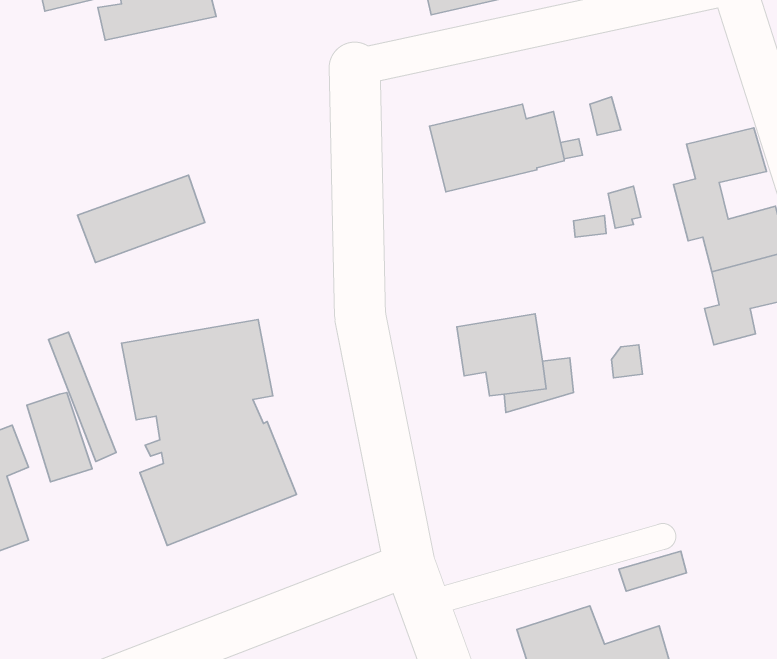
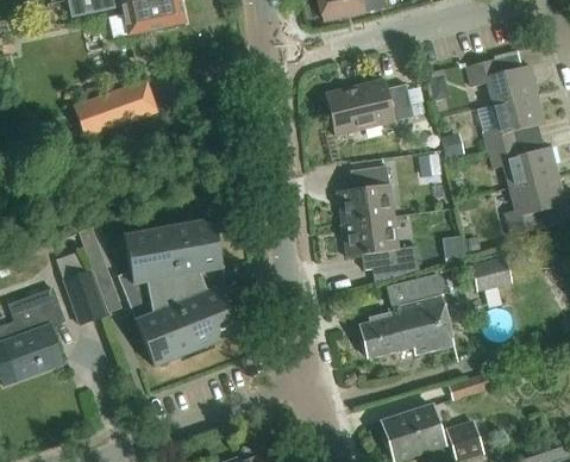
building: none -> [466,60,537,105]
building: [77,175,205,263] -> [74,80,157,137]
building: none -> [338,166,394,224]
building: none -> [471,257,513,291]
building: none -> [359,274,455,358]

